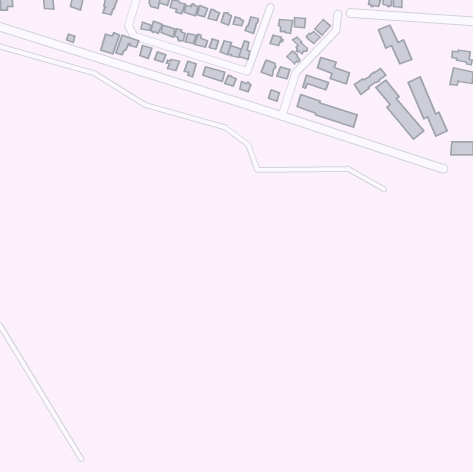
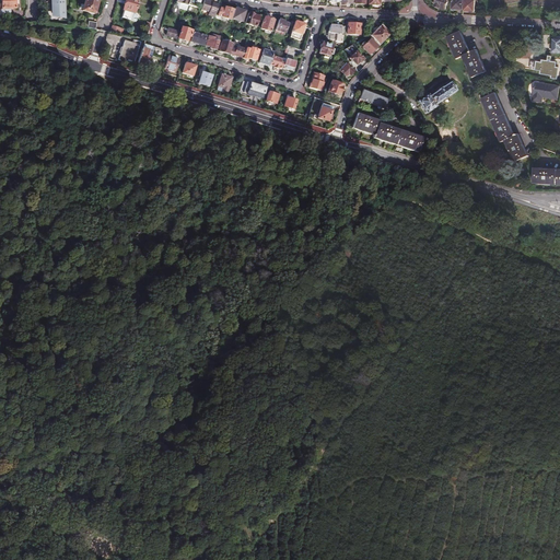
building: [317,57,350,84] -> none
building: [376,80,424,139] -> none

